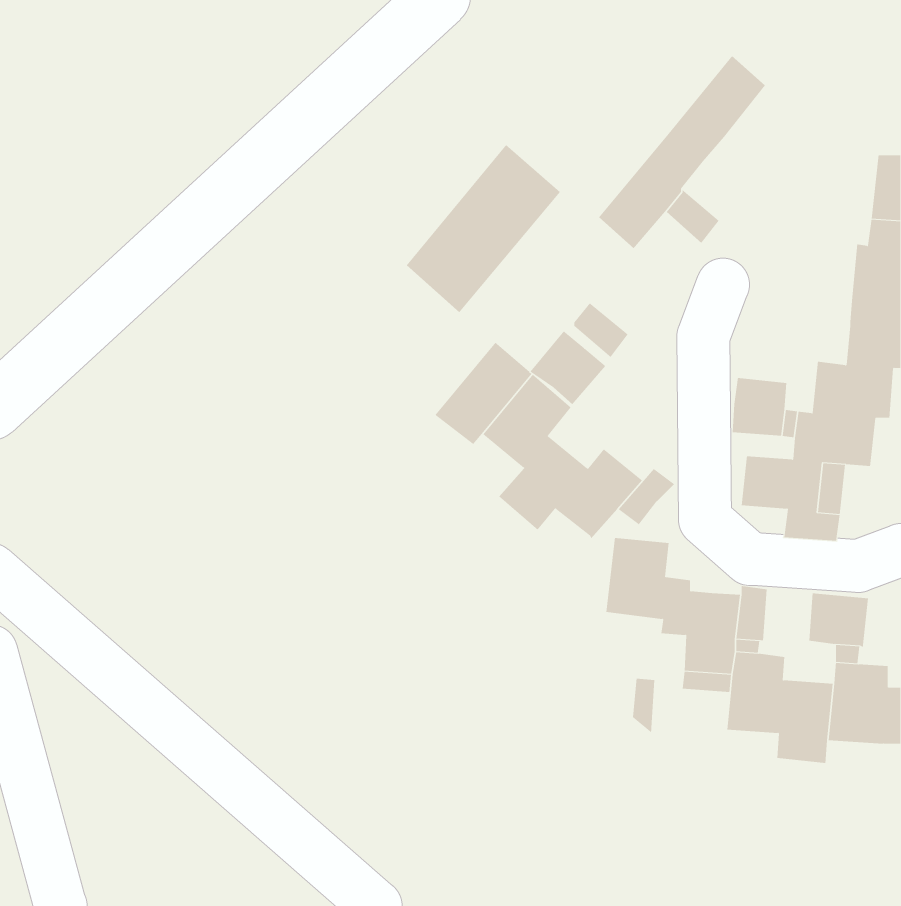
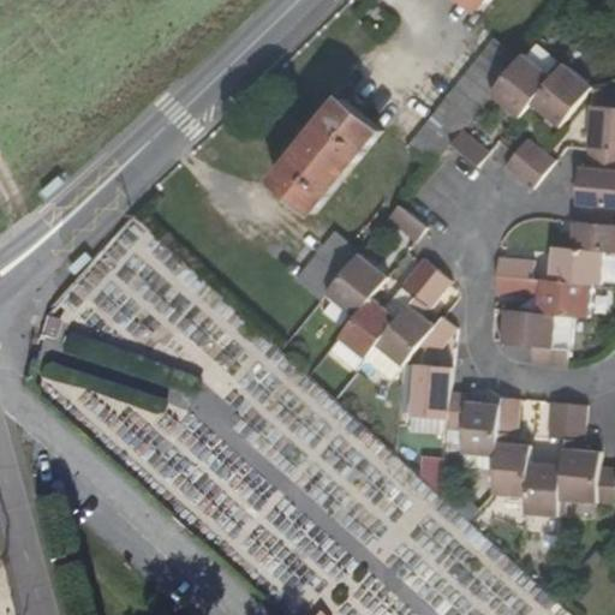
building: none -> [489,52,592,126]
building: none -> [501,137,554,189]
building: [530,330,606,405] -> [399,257,450,308]

